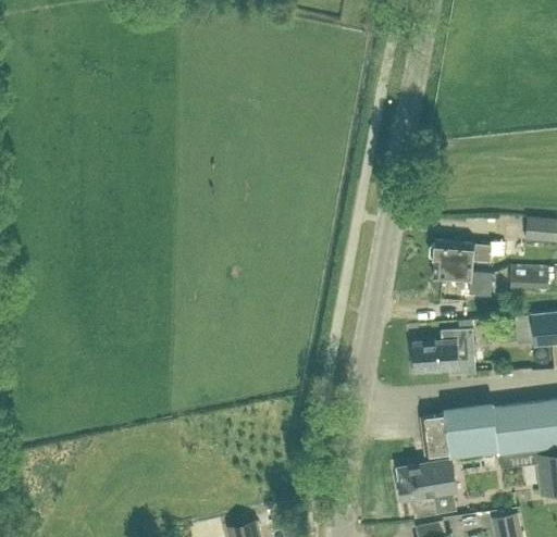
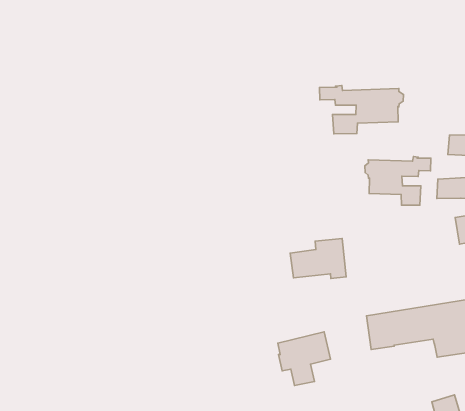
building: none -> [320,86,403,134]
building: [413,329,475,374] -> [290,239,346,279]
building: [398,458,457,516] -> [278,332,331,385]

